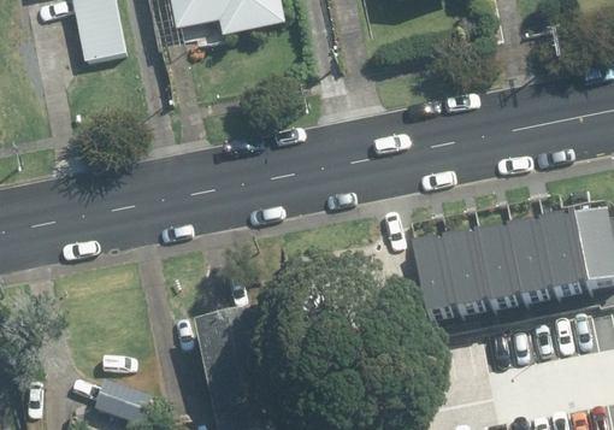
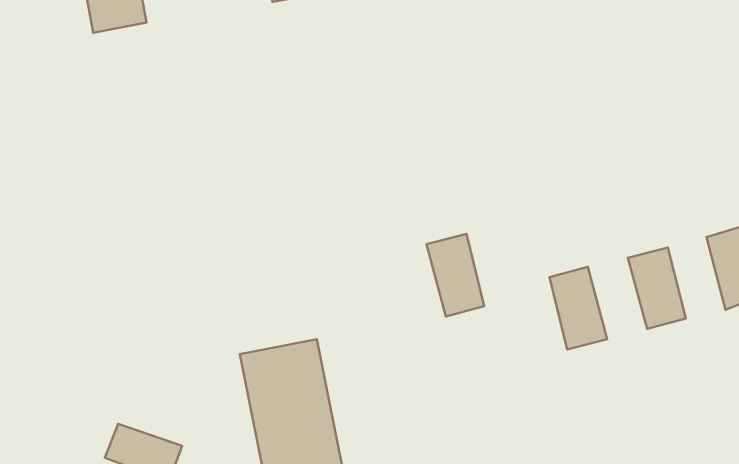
building: [545,224,592,290] -> none
building: [480,241,529,307] -> none
building: [417,257,464,324] -> [426,234,484,317]

